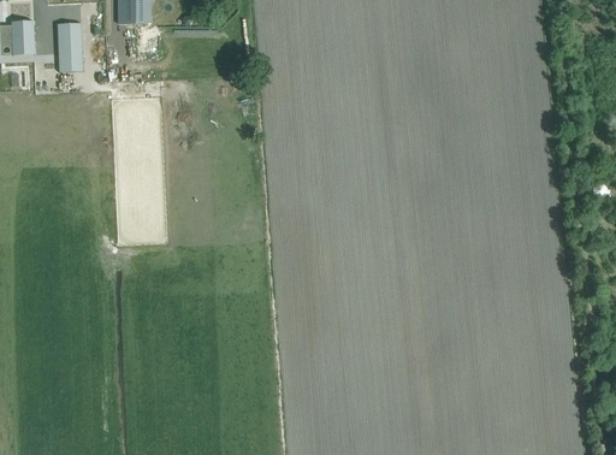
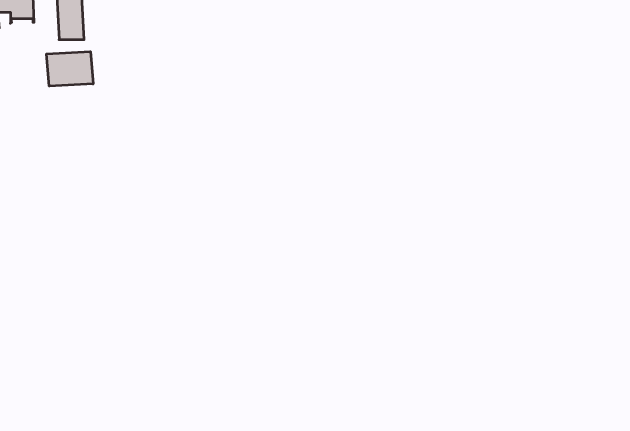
building: none -> [47,52,93,86]

